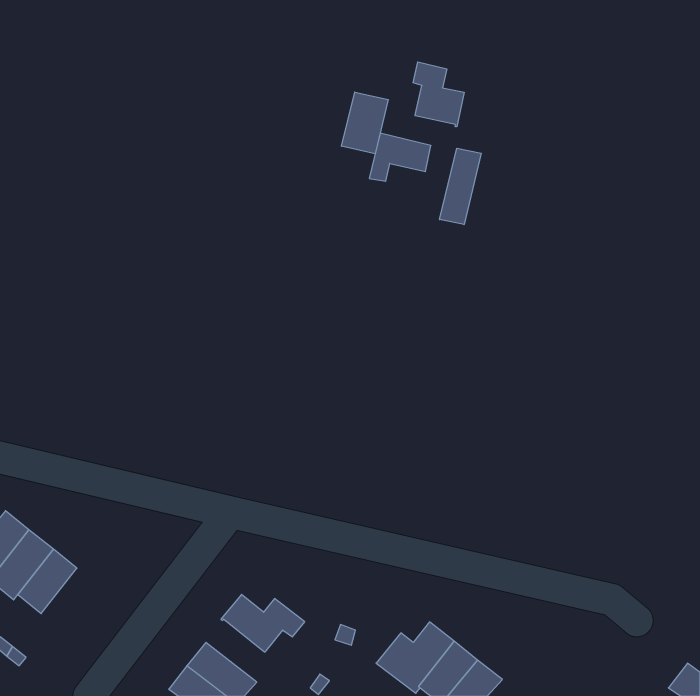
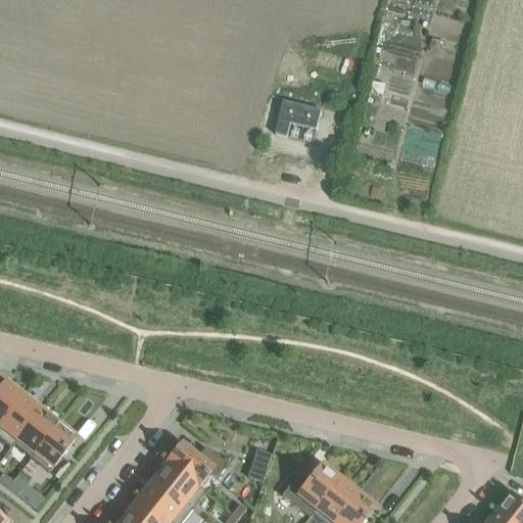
building: [413,62,464,127] -> none
building: [342,92,388,154] -> none
building: [440,148,481,225] -> none
building: none -> [31,423,75,470]
building: none -> [153,461,205,508]

